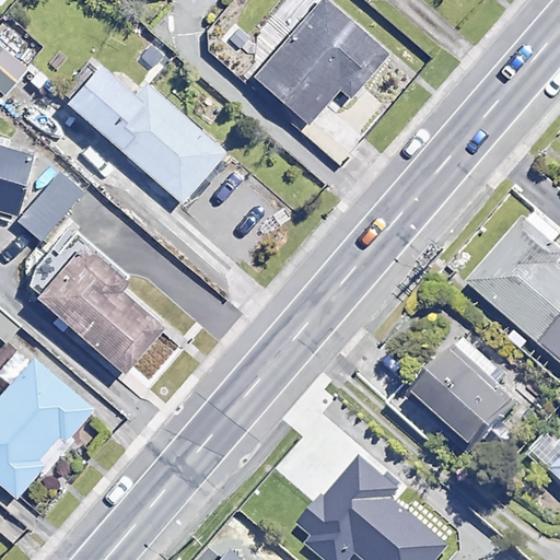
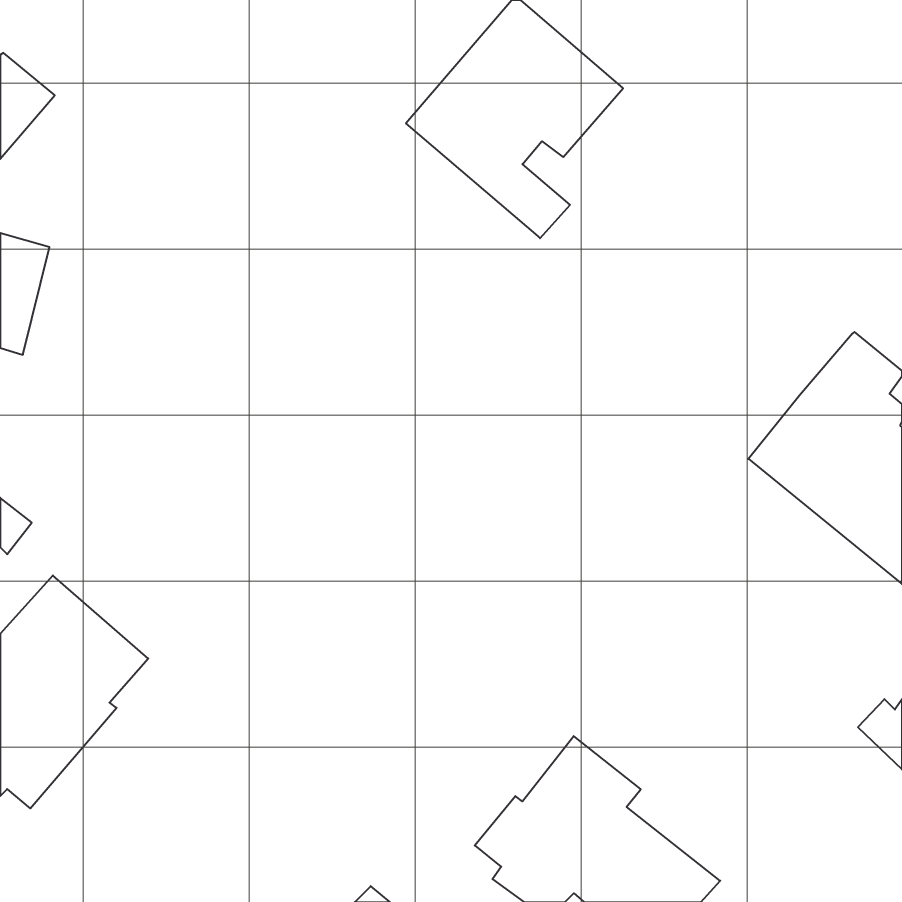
building: [61,59,225,201] -> none
building: [16,170,85,238] -> none
building: [32,241,160,371] -> none
building: [410,345,511,445] -> none

